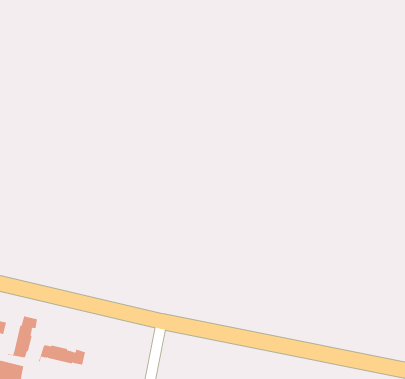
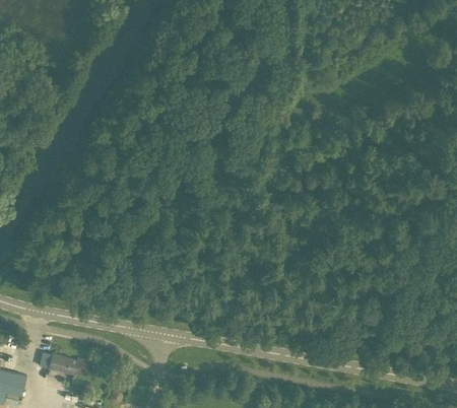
building: [7,316,37,359] -> none

